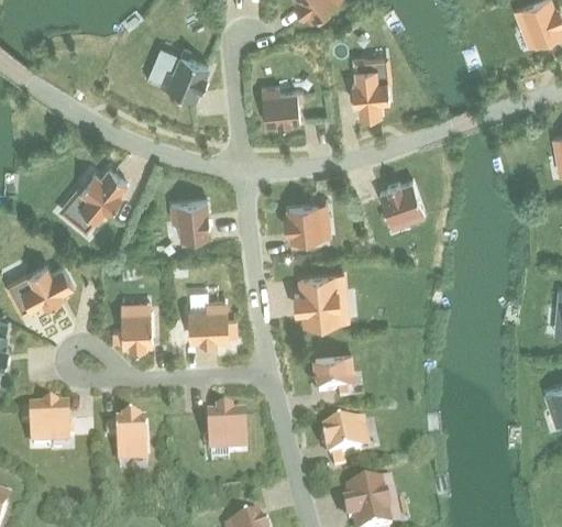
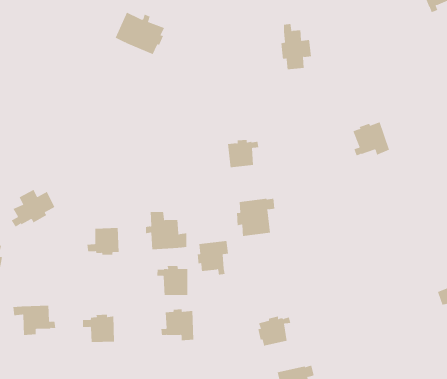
building: [262,88,305,127] -> none
building: [79,171,128,228] -> none
building: [379,182,426,224] -> [353,121,390,156]
building: [170,201,211,240] -> none
building: [313,356,353,399] -> [197,240,229,275]
building: none -> [157,265,188,296]

